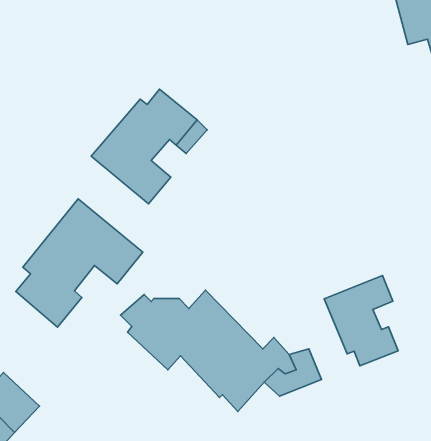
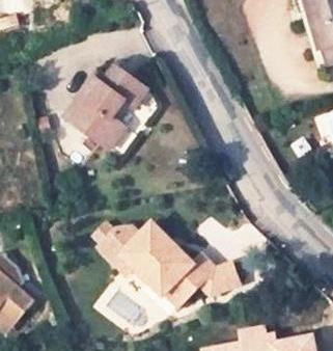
building: [16,199,143,327] -> none
building: [324,276,398,366] -> none

